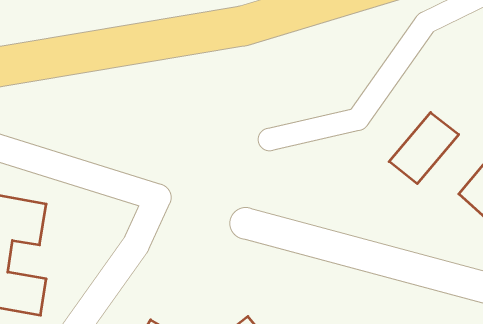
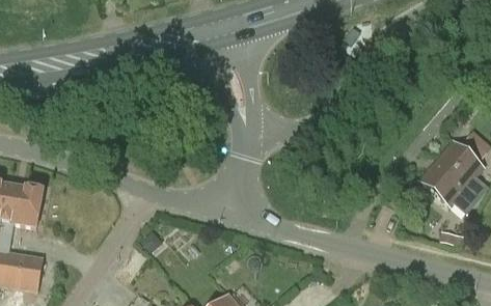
building: [389,112,459,184] -> none

